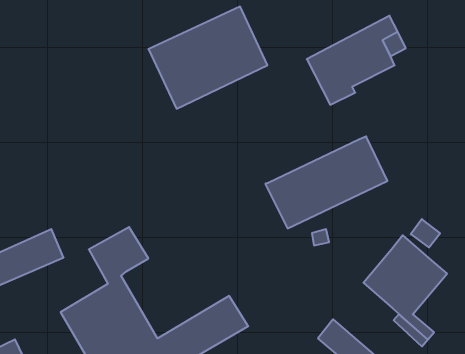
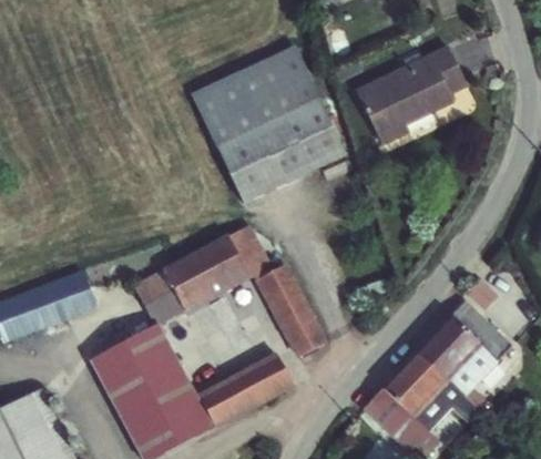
building: [265,136,387,228] -> [214,95,348,196]
building: none -> [165,231,325,358]
building: none -> [389,337,455,405]

